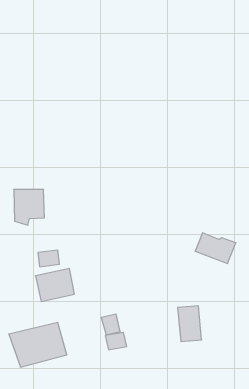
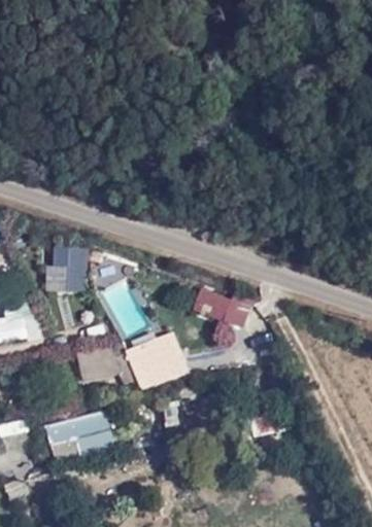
building: [195,233,236,264] -> [197,287,247,325]
building: none -> [124,332,190,390]

